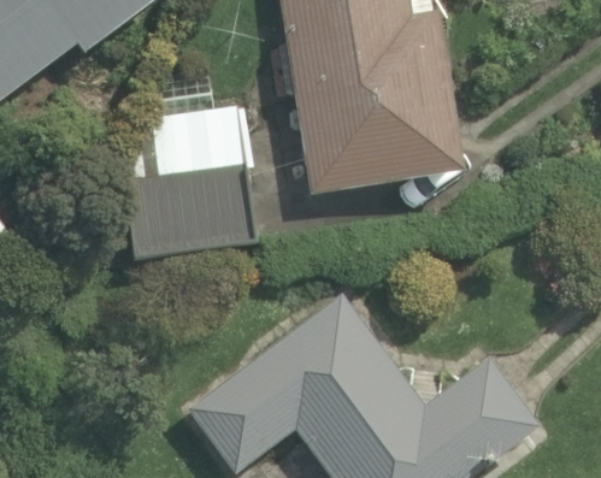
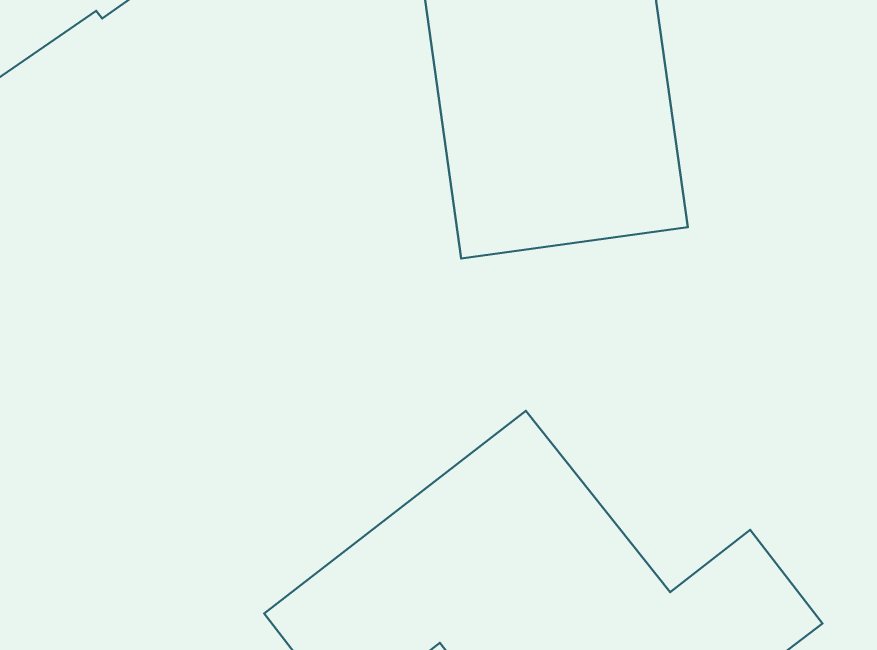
building: [137,98,257,253] -> none

